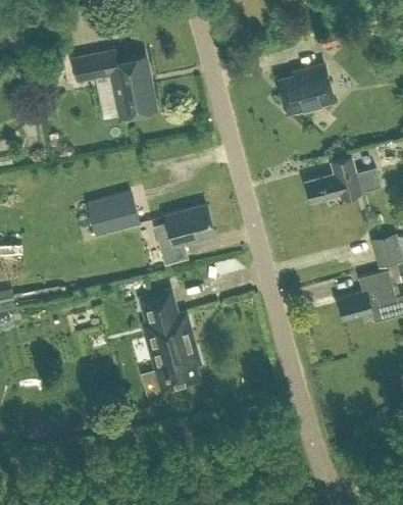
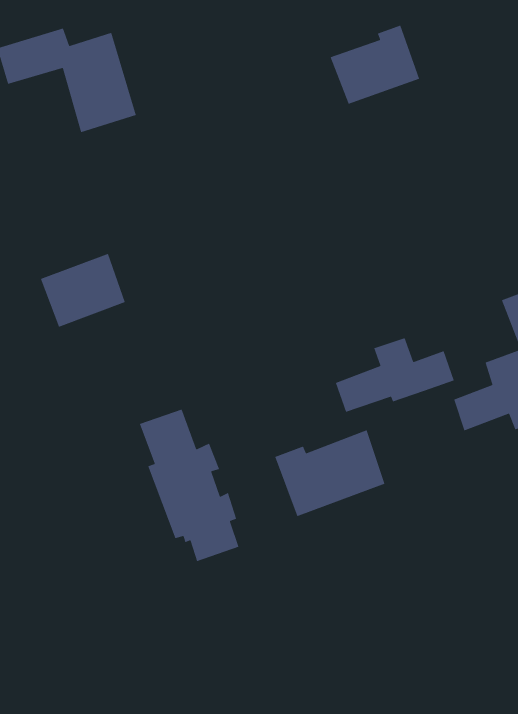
building: [306,158,381,202] -> [335,337,455,413]
building: [155,206,214,264] -> none
building: none -> [274,429,386,517]

